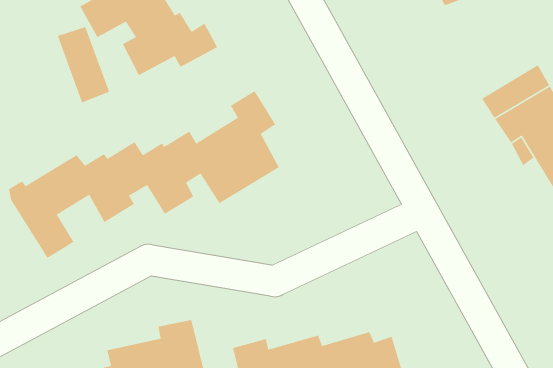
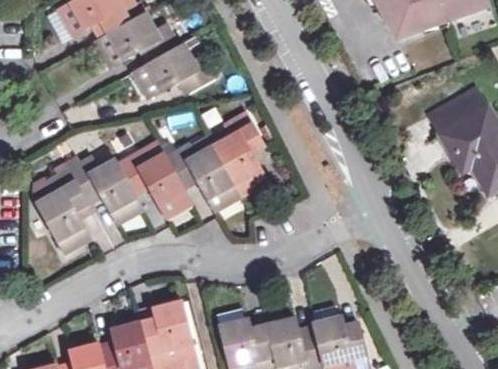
building: [57,26,110,104] -> none

